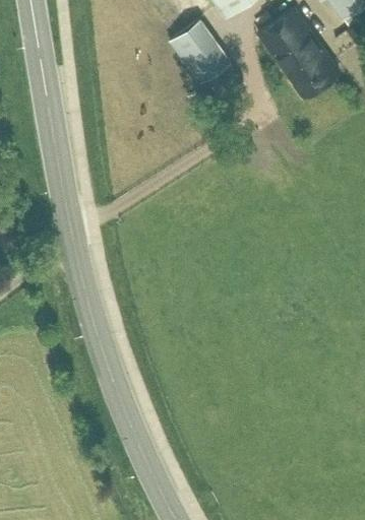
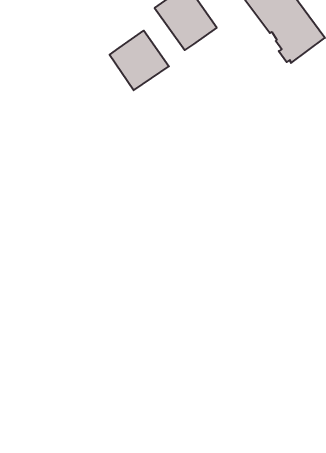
building: none -> [110,31,169,90]

